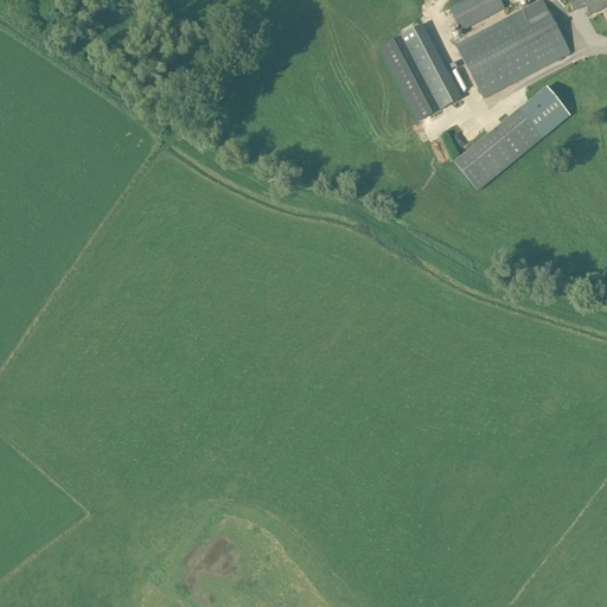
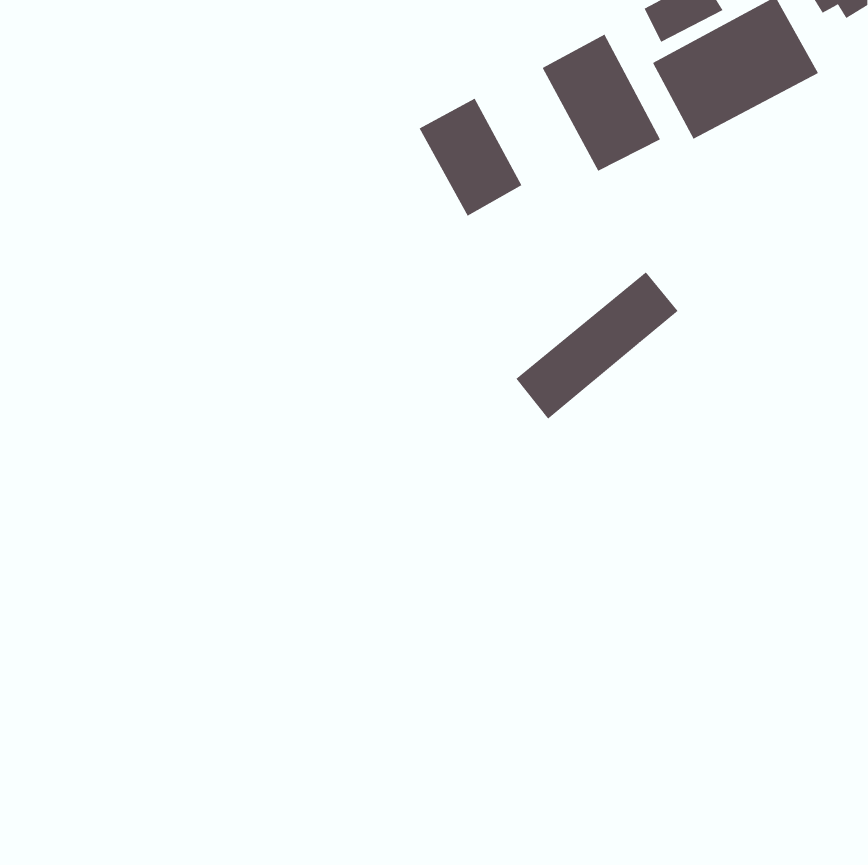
building: none -> [419,98,522,217]
building: [455,87,569,190] -> [515,272,679,419]

